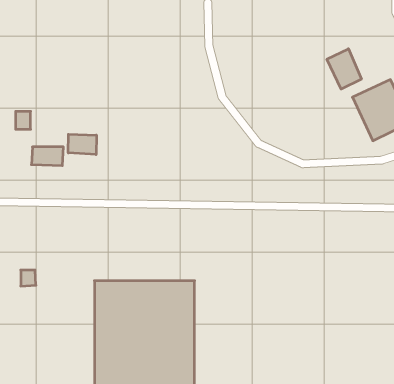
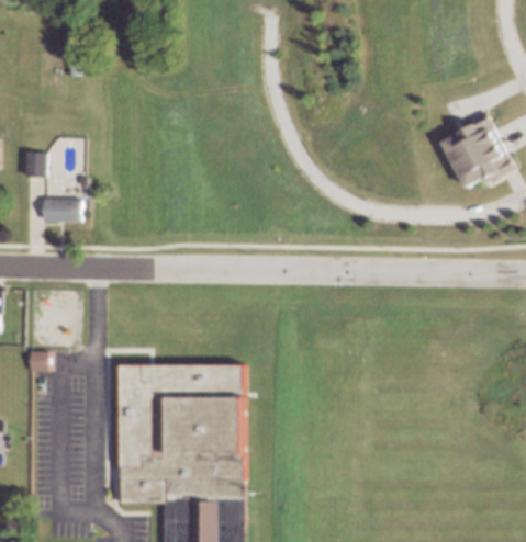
building: [327,49,361,89] -> none
building: [68,134,96,155] -> none

